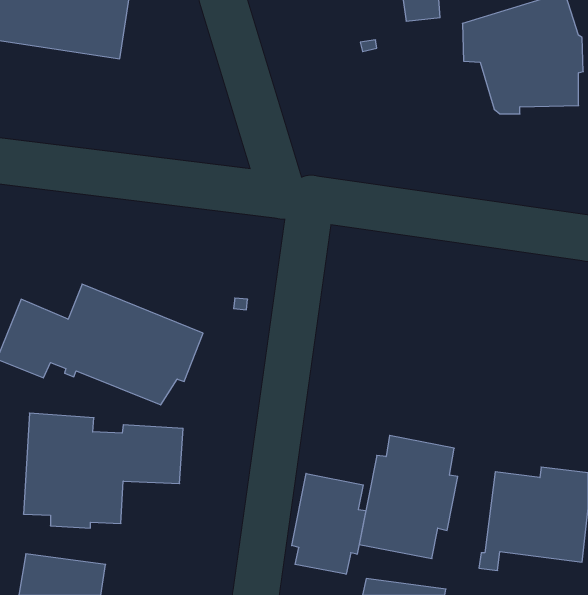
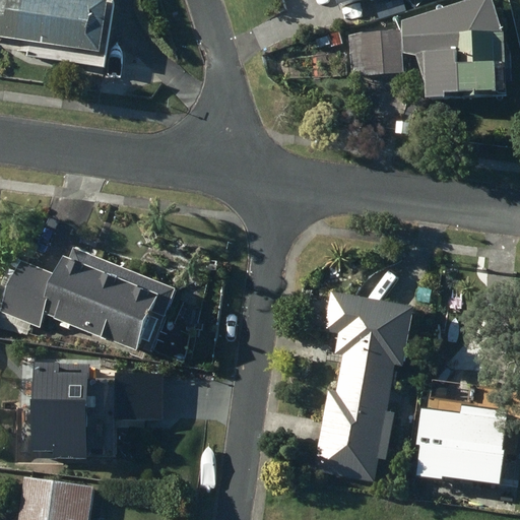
building: none -> [346,30,401,76]
building: none -> [322,290,418,388]
building: [292,473,366,574] -> none

